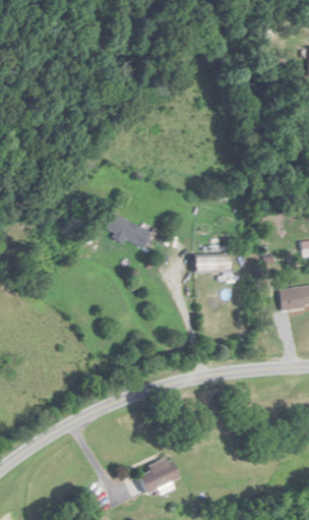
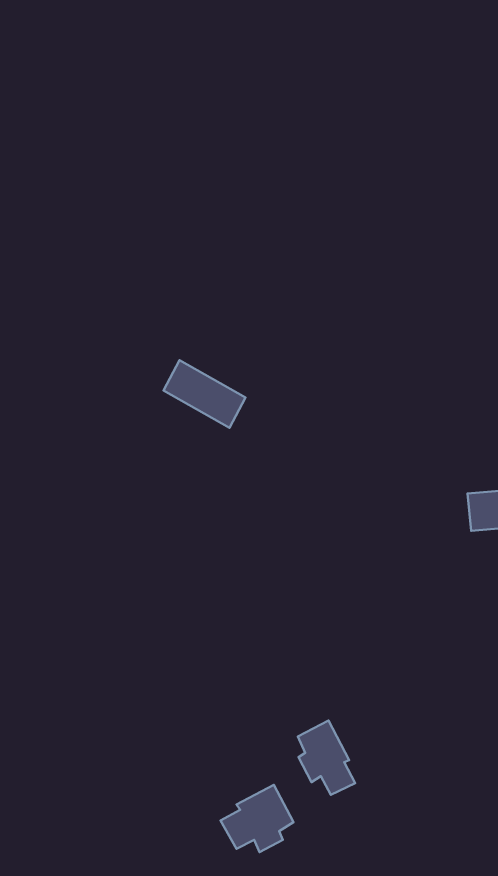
building: [192,253,228,272] -> none
building: none -> [298,720,355,795]

